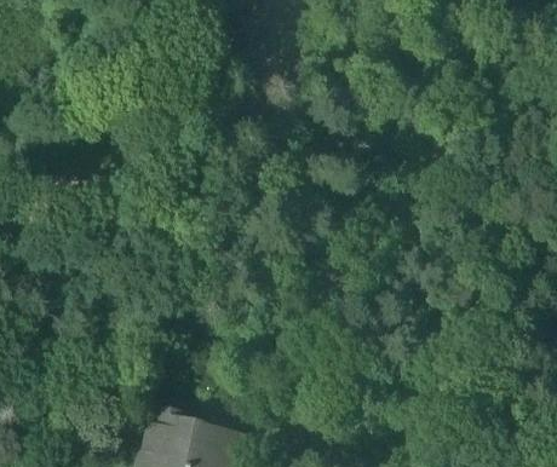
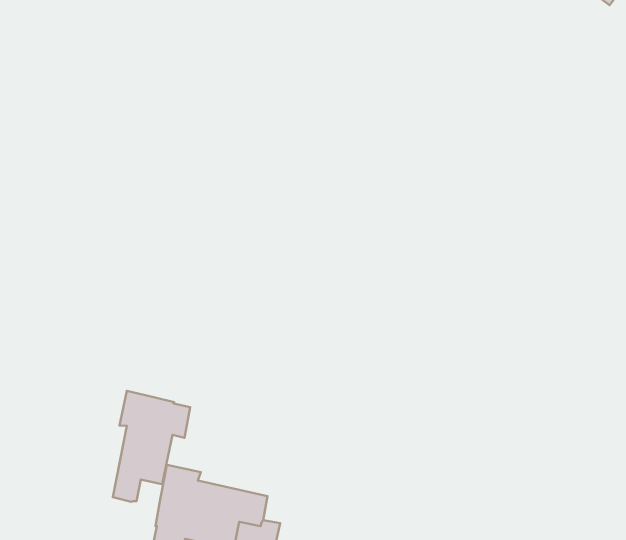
building: none -> [113,391,190,502]

